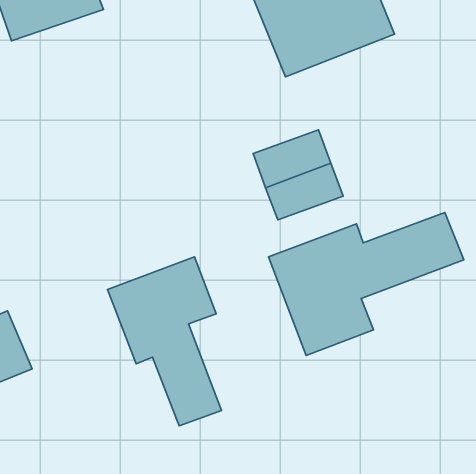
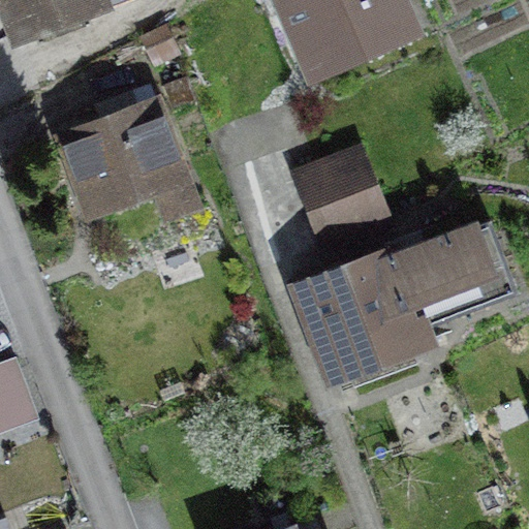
building: none -> [56,97,188,227]
building: [107,257,221,426] -> none

